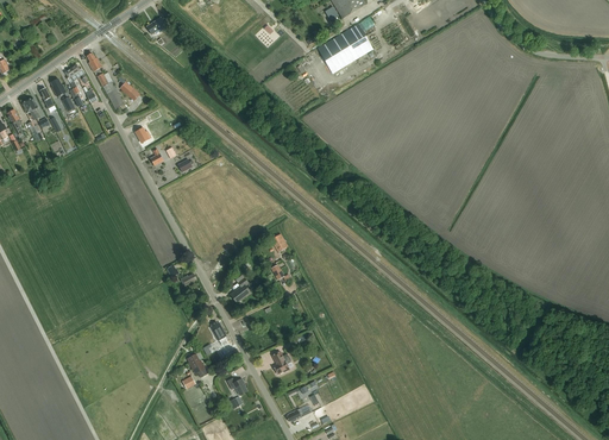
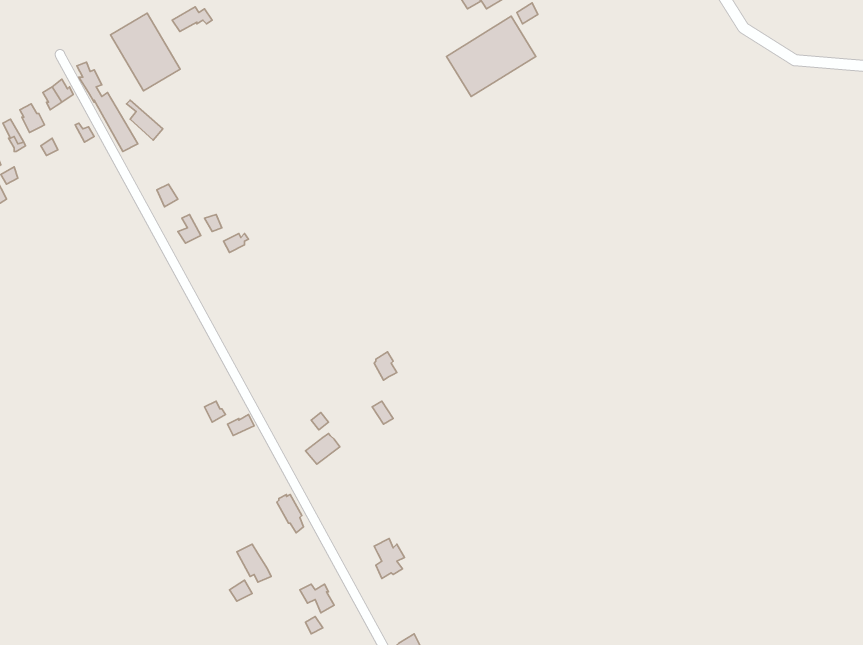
building: none -> [110,13,180,91]

